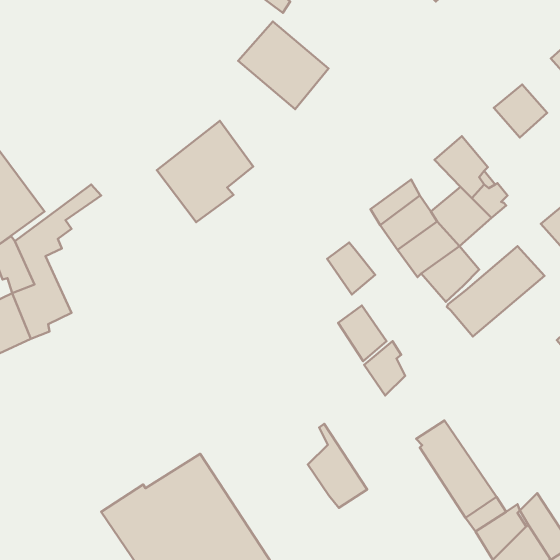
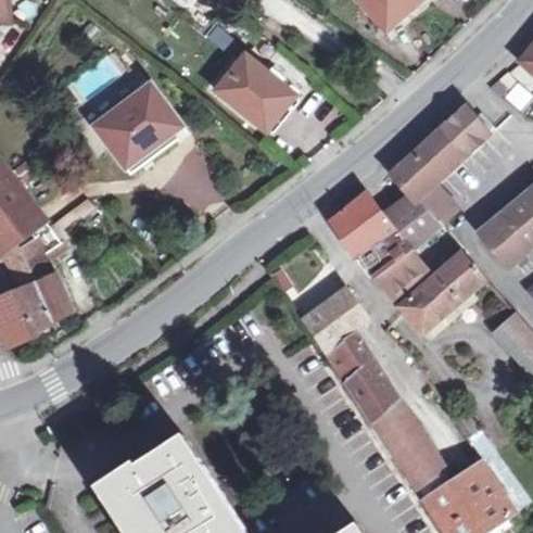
building: none -> [411,128,462,180]
building: [157,121,253,222] -> [94,84,179,173]
building: [327,243,375,295] -> [323,288,366,333]
building: [308,424,367,508] -> [344,345,396,419]

